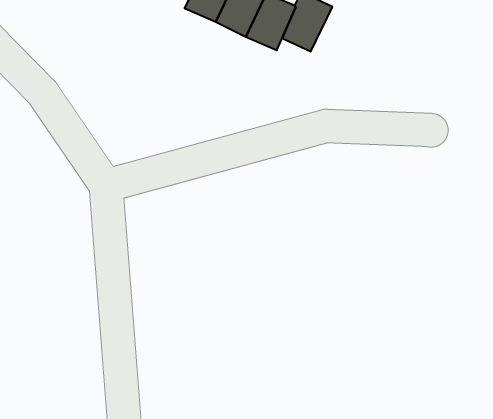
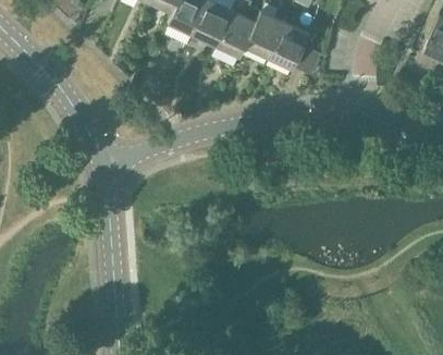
building: none -> [269,22,309,69]

